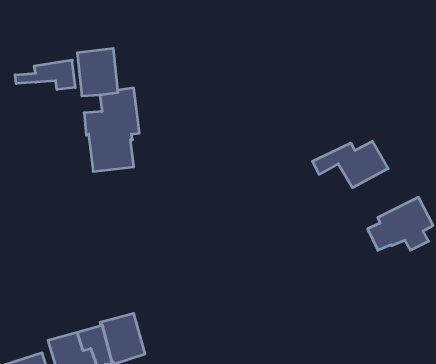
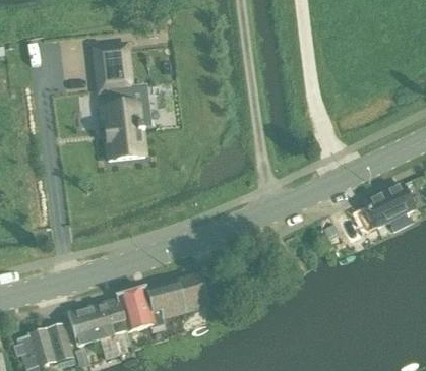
building: [15,60,75,90] -> none
building: [312,141,388,188] -> none
building: none -> [144,272,208,327]

